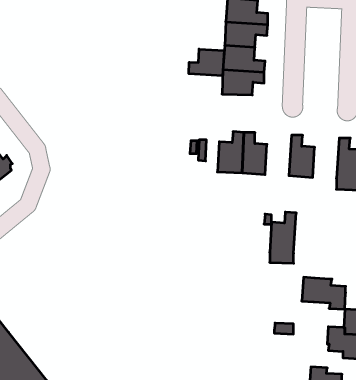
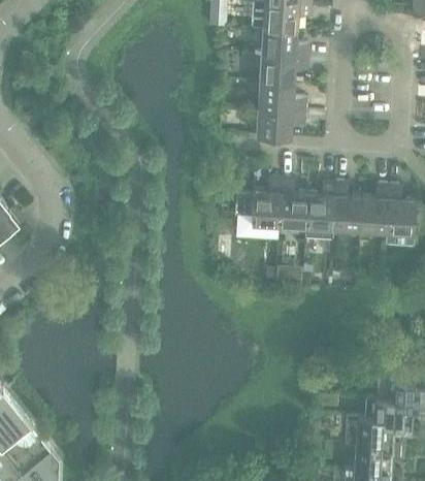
building: [189,49,224,76] -> none
building: none -> [358,187,388,233]
building: [270,212,296,263] -> [304,184,334,242]
building: [302,277,346,309] -> [342,418,392,454]

